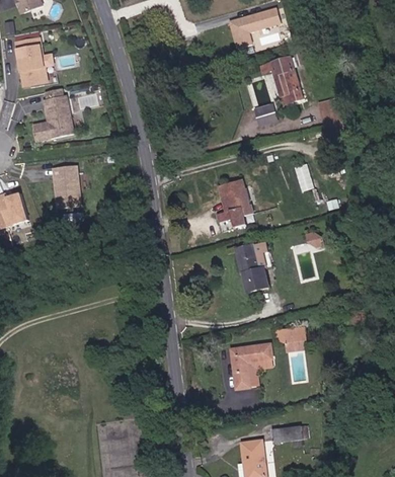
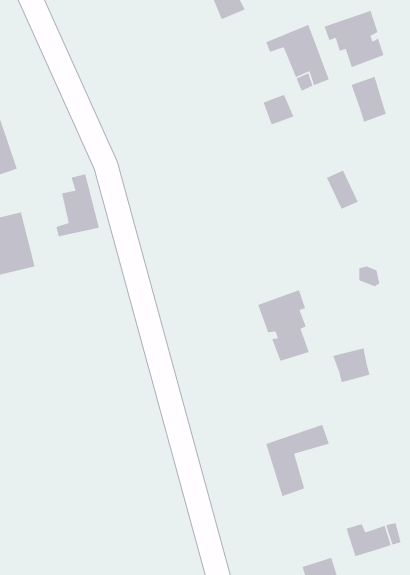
building: none -> [324,10,384,68]
building: none -> [55,173,100,237]
building: [214,176,250,226] -> none
building: [282,324,307,347] -> [332,347,370,383]

